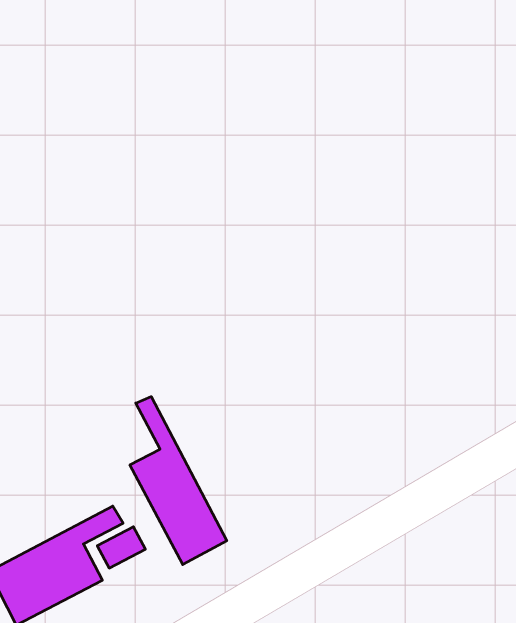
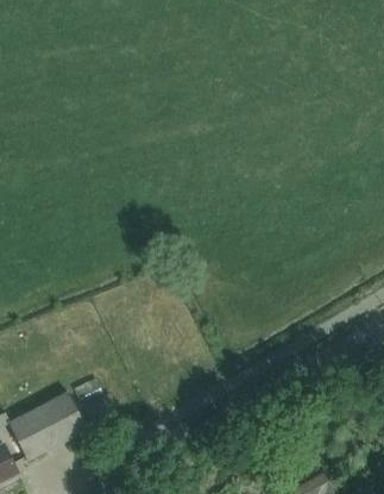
building: [130,397,227,565] -> none

